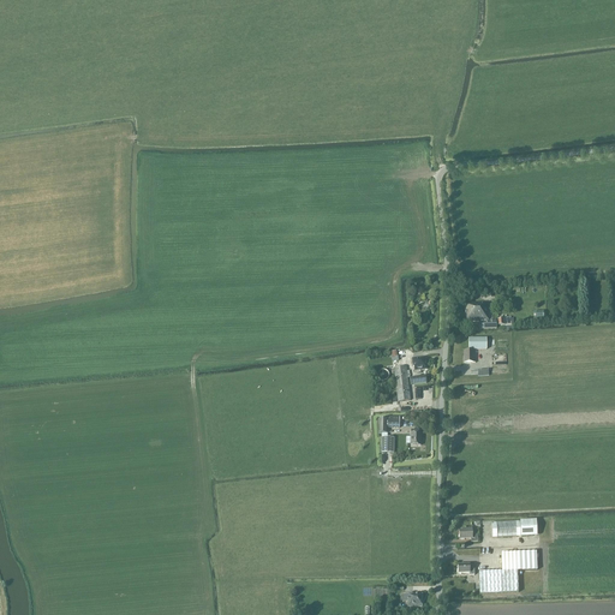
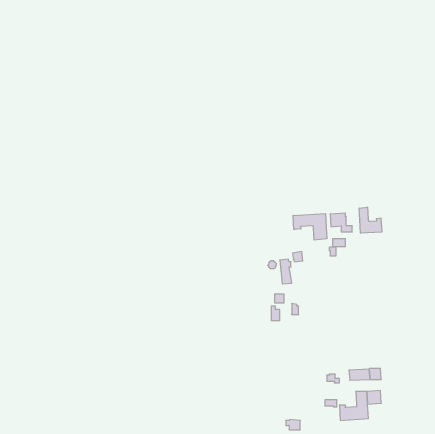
building: none -> [359,207,382,233]
building: none -> [293,214,327,240]

